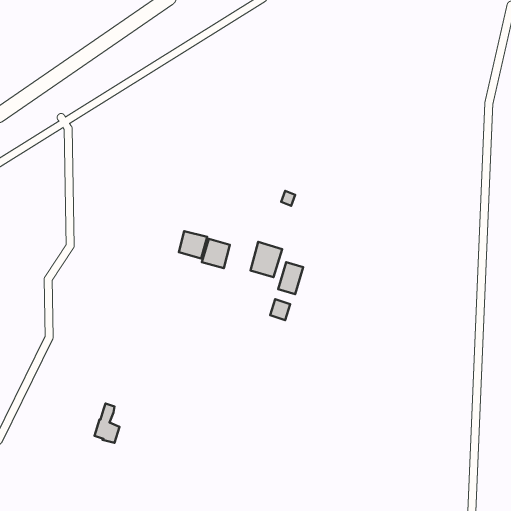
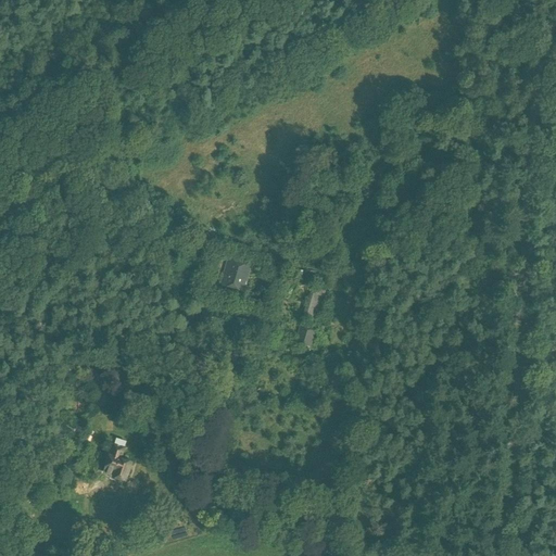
building: [179,231,207,259] -> none
building: [250,242,282,277] -> none

